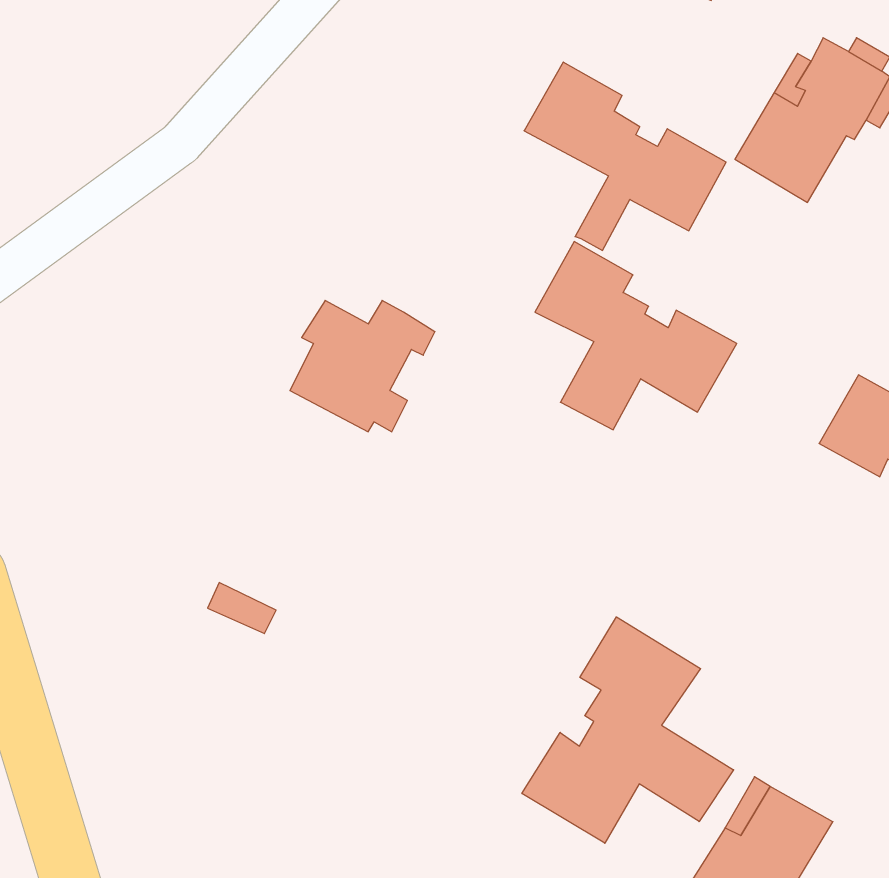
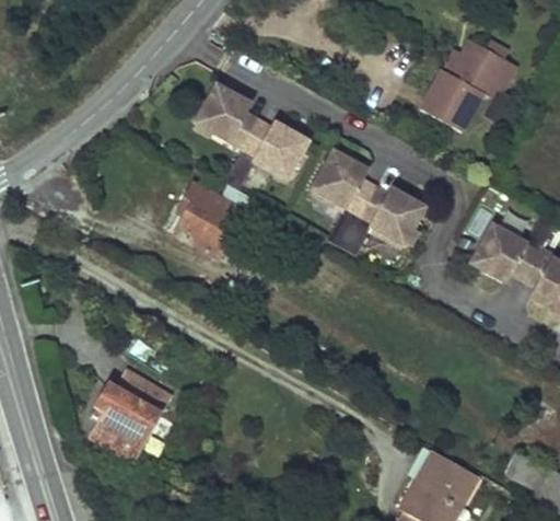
building: [524,62,726,250] -> [196,83,308,188]
building: [522,617,734,843] -> none
building: none -> [92,368,168,456]

